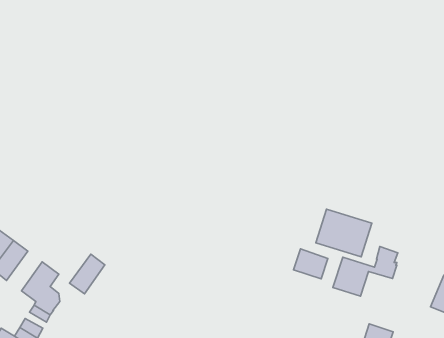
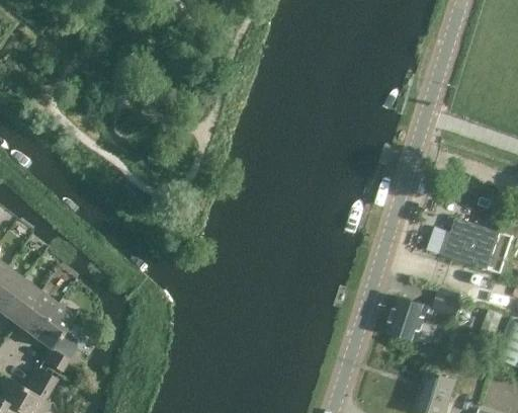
building: [316,209,372,257] -> [439,216,503,270]
building: [293,249,328,279] -> none
building: [70,254,105,294] -> [14,291,55,336]

